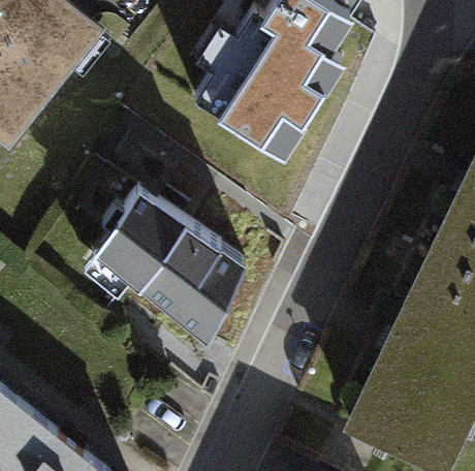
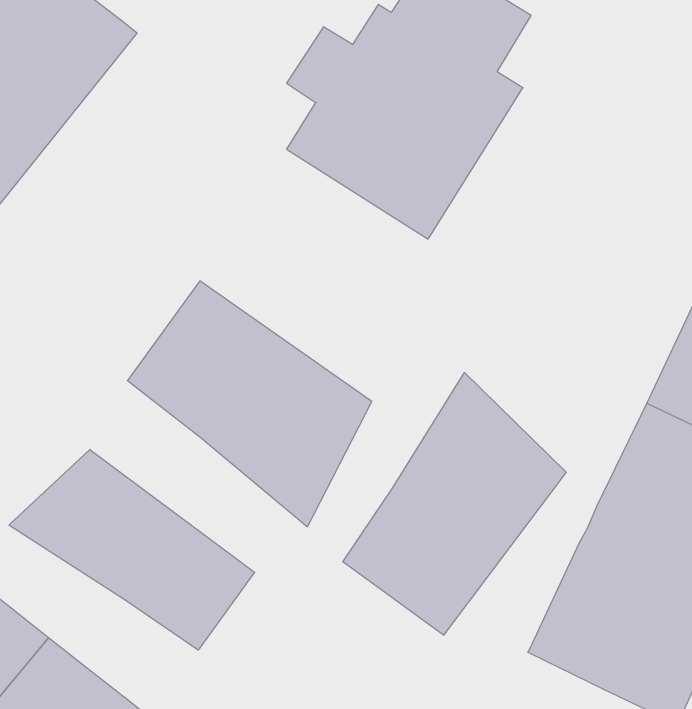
building: none -> [343,373,566,635]
building: none -> [9,449,255,650]

